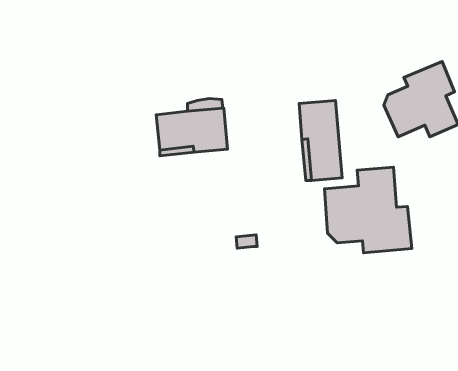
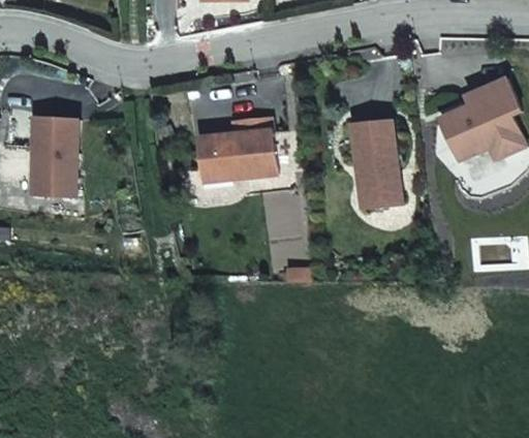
building: none -> [33,118,81,198]
building: [325,167,412,253] -> none

